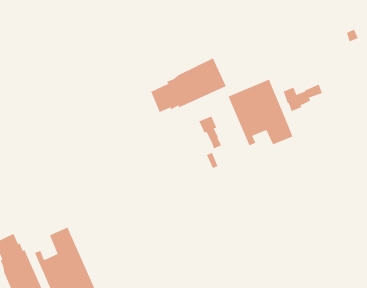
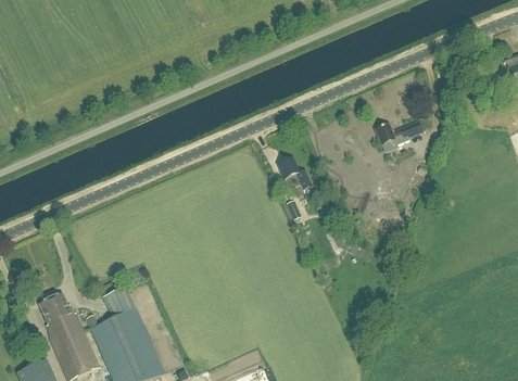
building: [150,58,226,113] -> none
building: [228,79,293,146] -> none

